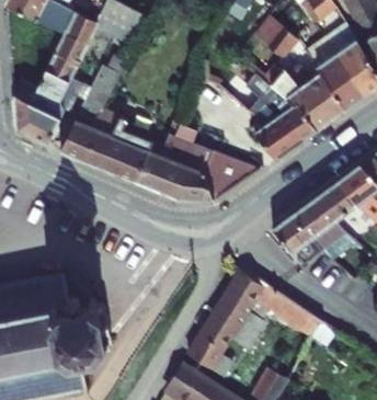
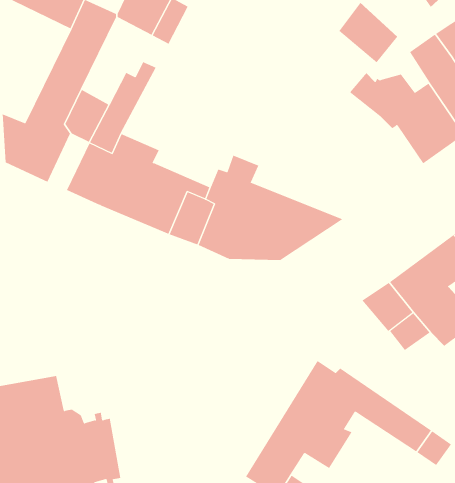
building: [245,73,316,159] -> none

